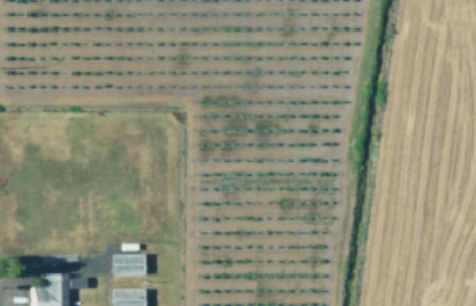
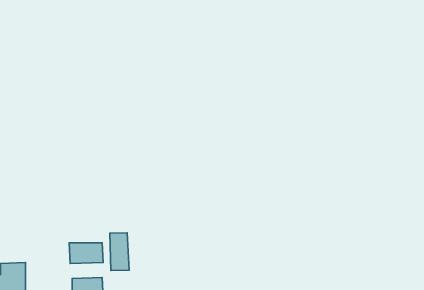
building: none -> [110,233,129,270]

